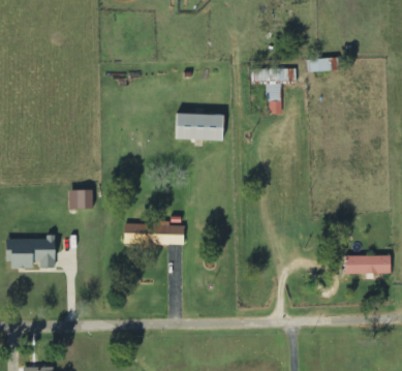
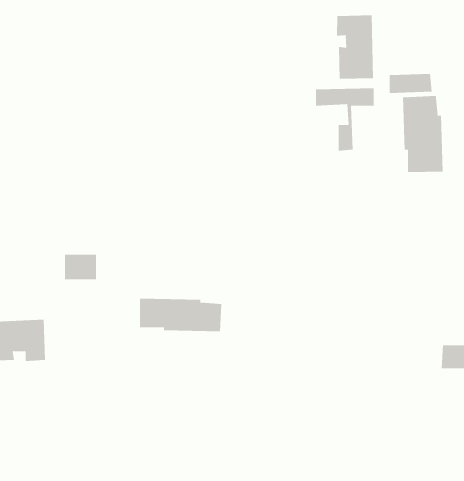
building: none -> [337,15,373,80]
building: none -> [402,95,443,173]
building: [176,113,223,140] -> none

